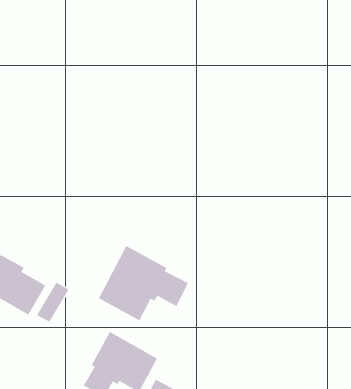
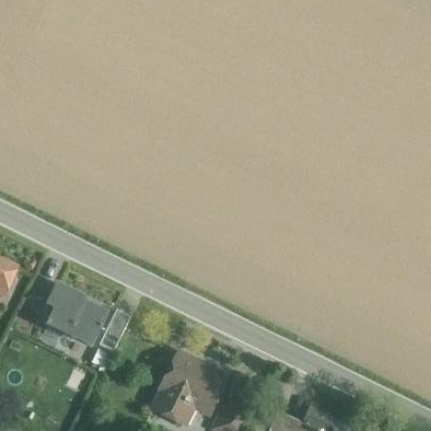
building: [98,245,189,321] -> none

